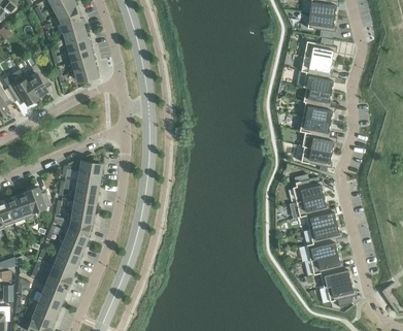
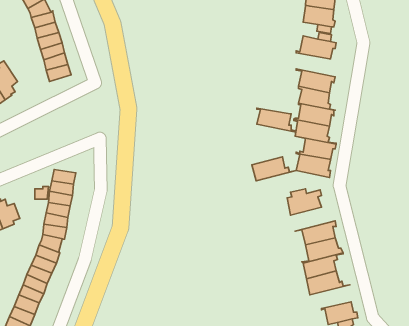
building: [300,57,335,78] -> [257,108,296,132]
building: [295,196,335,218] -> [252,157,296,181]
building: [312,266,349,288] -> none

